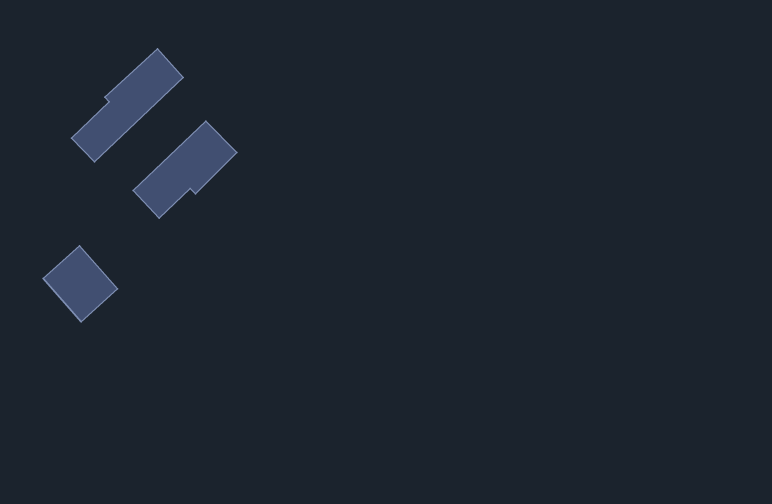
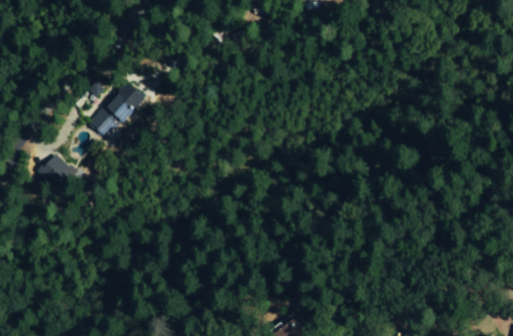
building: [71,49,183,162] -> none

